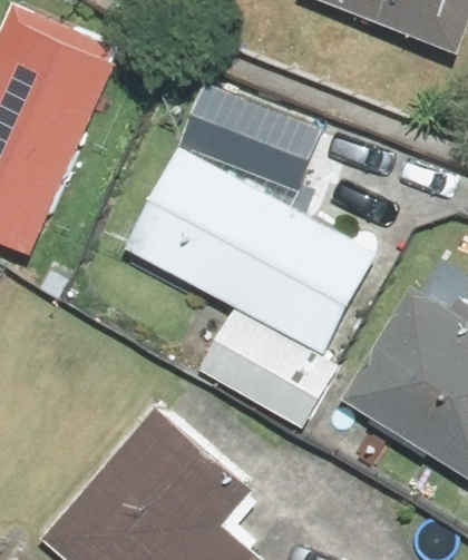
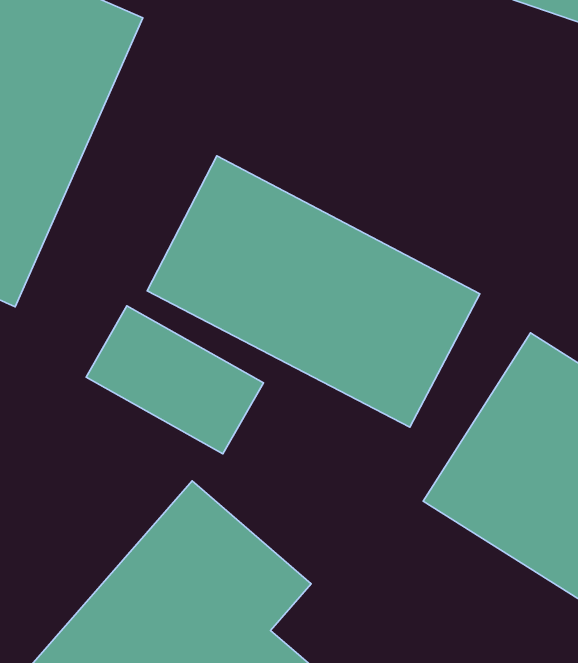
building: [177,85,321,193] -> none
building: [199,314,335,428] -> [86,306,263,454]

